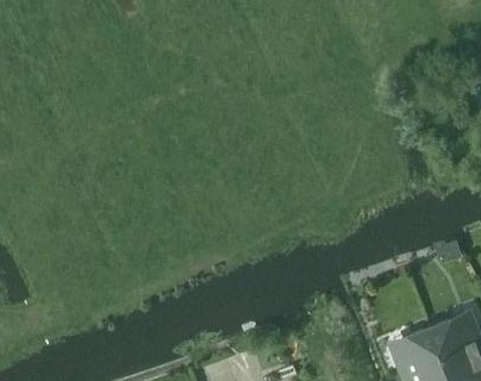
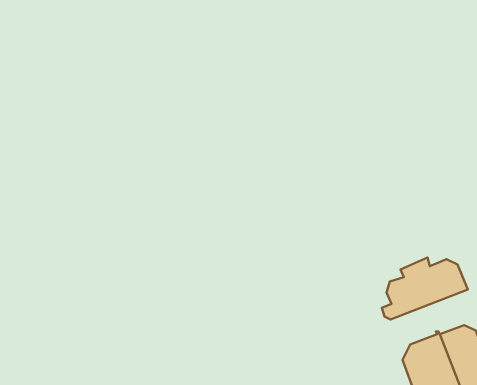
building: none -> [382,258,468,320]

